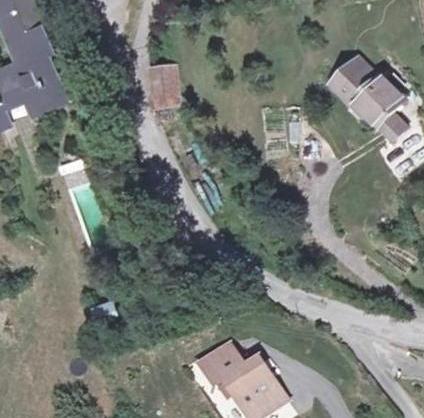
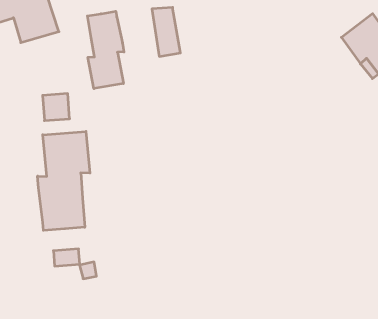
building: none -> [87,11,124,89]
building: none -> [38,131,90,230]

